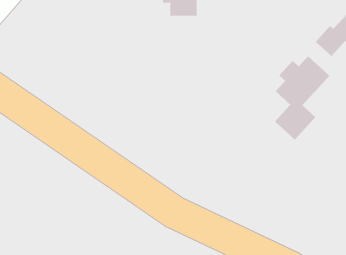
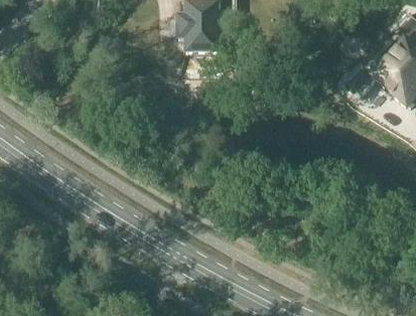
building: [274,55,330,141] -> none

